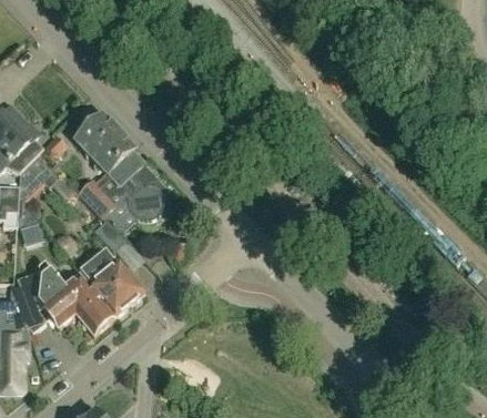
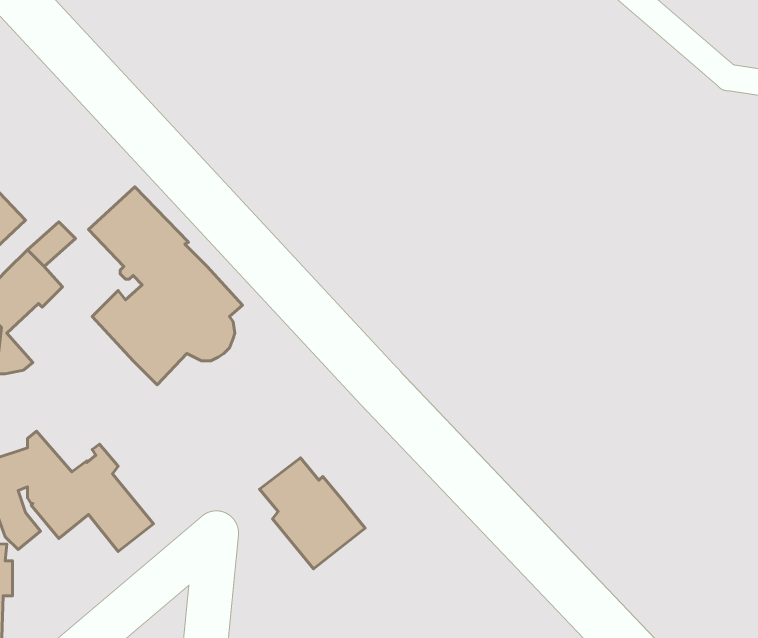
building: [81,249,144,316] -> [260,458,365,569]

